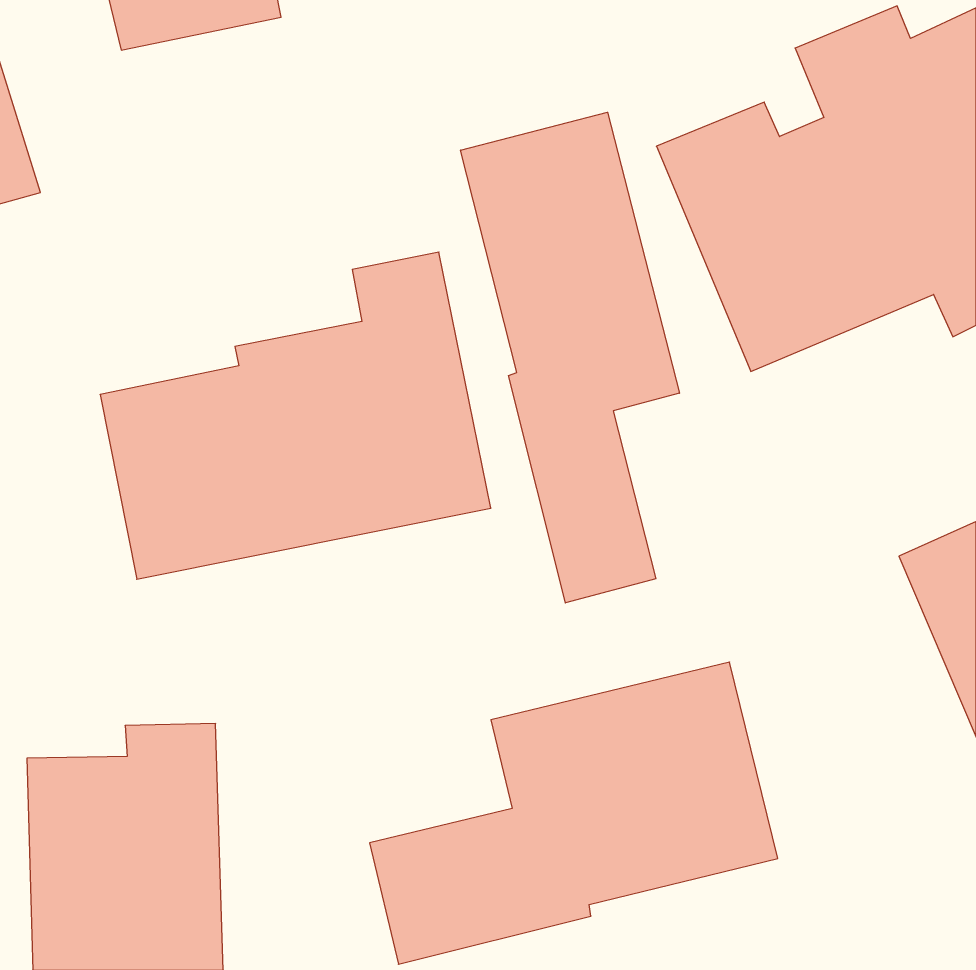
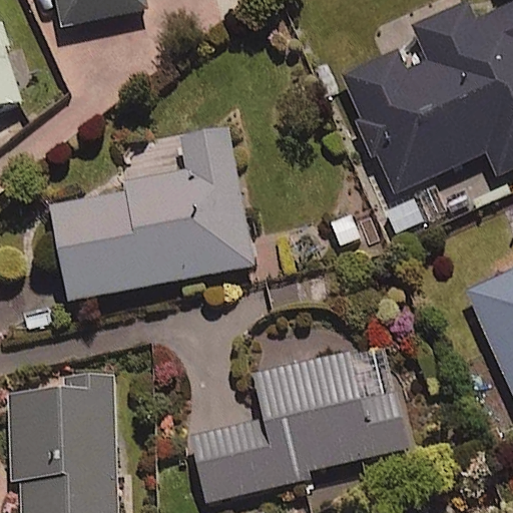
building: [461,112,679,603] -> none

